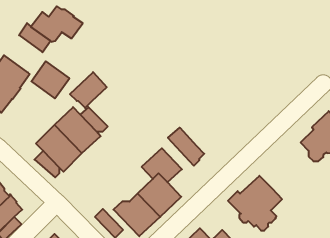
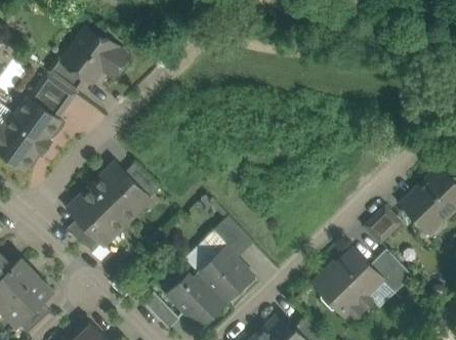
building: [31,61,69,98] -> [29,72,77,119]
building: [70,72,107,108] -> none
building: [168,128,204,166] -> none
building: none -> [365,206,401,243]
building: none -> [369,249,412,293]

